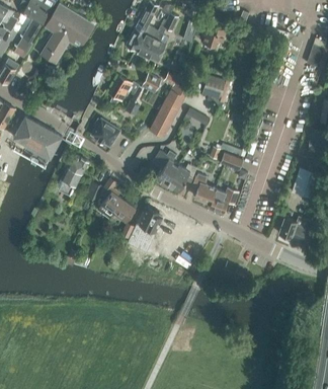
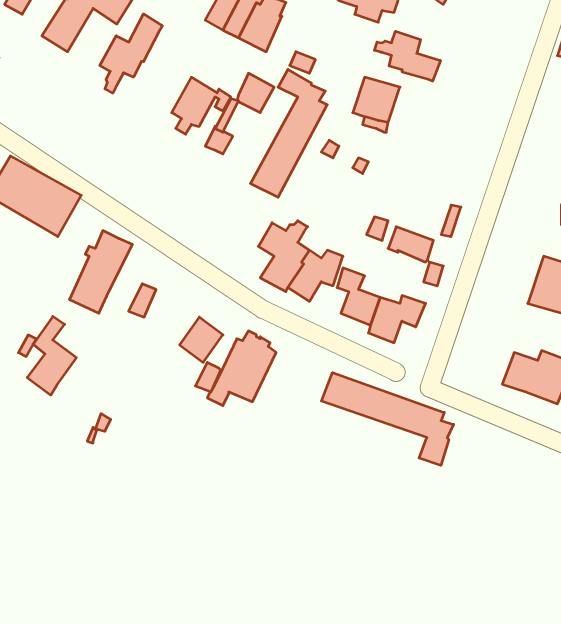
building: none -> [100,14,162,93]
building: none -> [374,31,440,81]
building: [90,119,119,148] -> none
building: [97,178,122,219] -> [27,316,76,395]
building: none -> [321,373,454,465]

